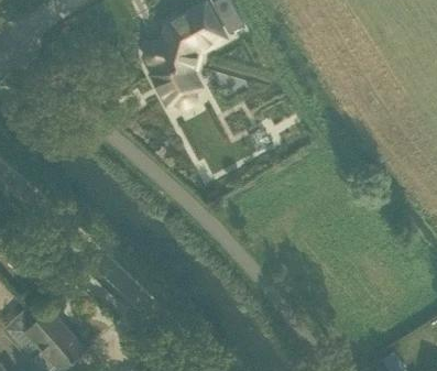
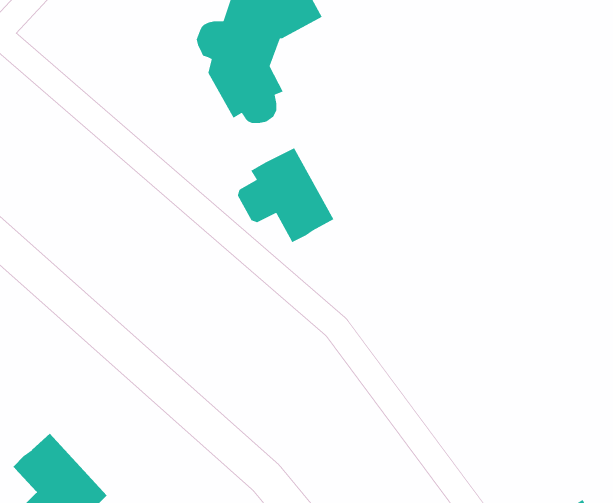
building: none -> [237,147,334,243]

